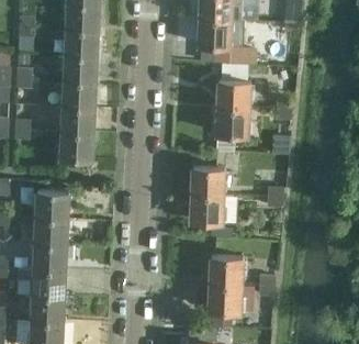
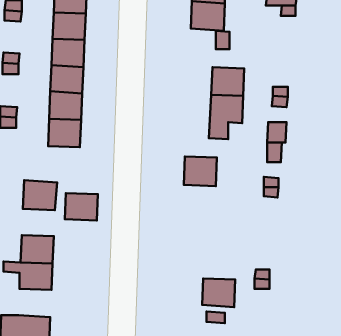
building: [190,195,222,222] -> none
building: [35,218,67,244] -> [65,193,98,220]
building: [210,257,242,286] -> none
building: [32,295,64,322] -> none

